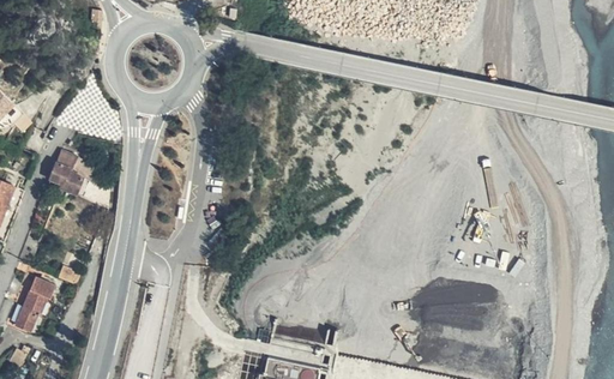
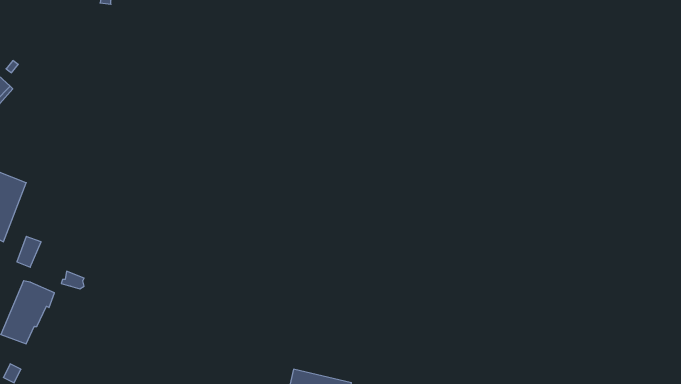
building: [48,150,94,194] -> none

